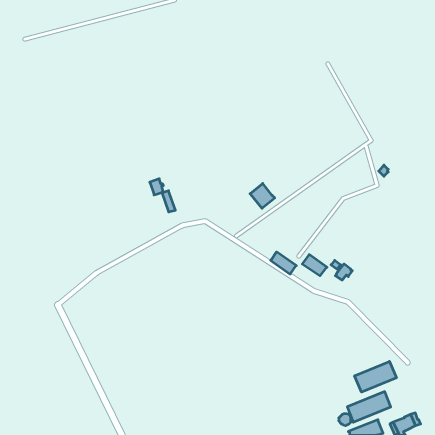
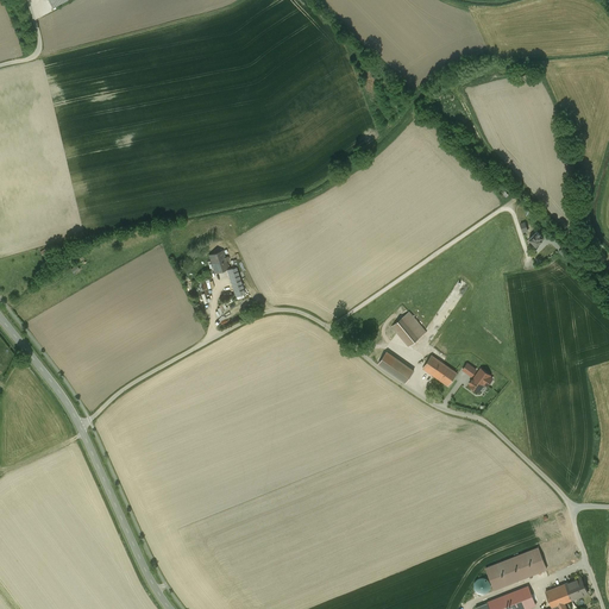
building: [250,183,275,208] -> [391,312,426,346]
building: [355,361,396,392] -> none

